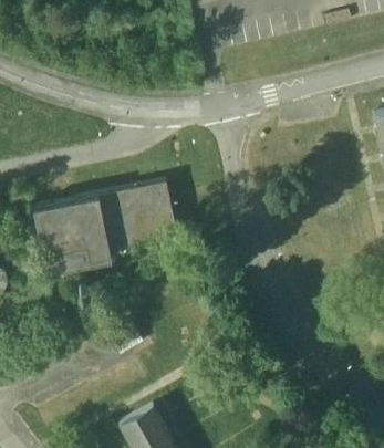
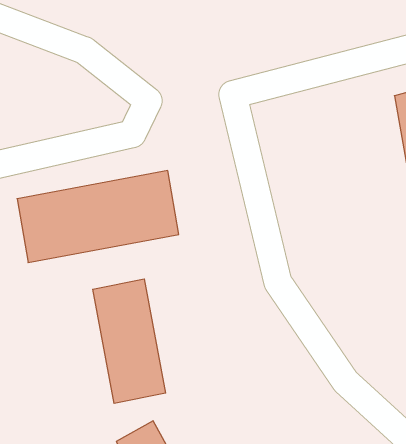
building: none -> [93,279,166,403]

